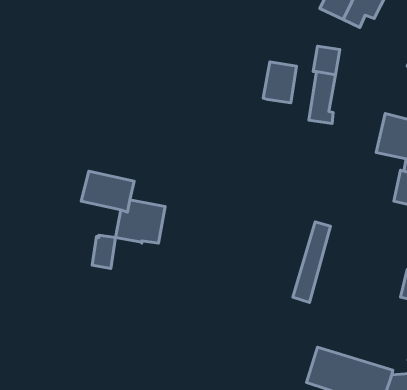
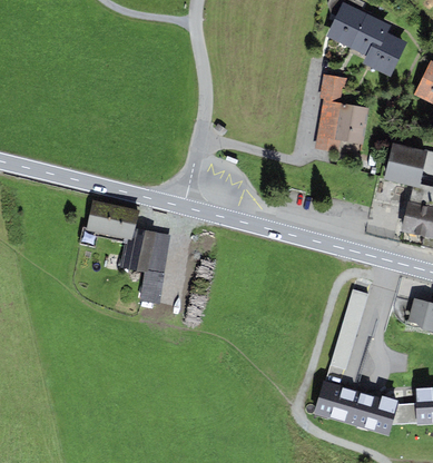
building: none -> [363,33,407,77]
building: [263,62,296,103] -> [335,104,368,145]
building: [293,222,330,303] -> [329,289,367,371]
building: [92,235,115,269] -> [140,270,164,304]

